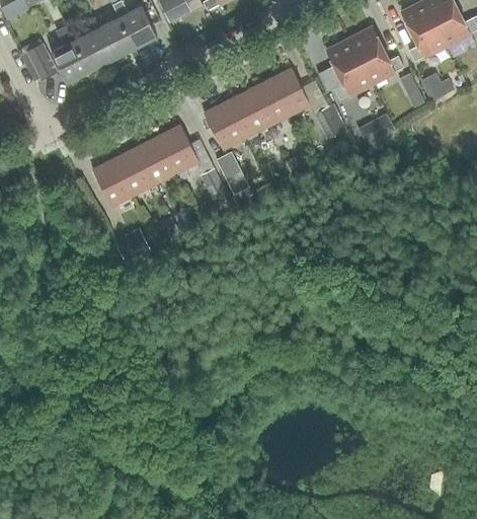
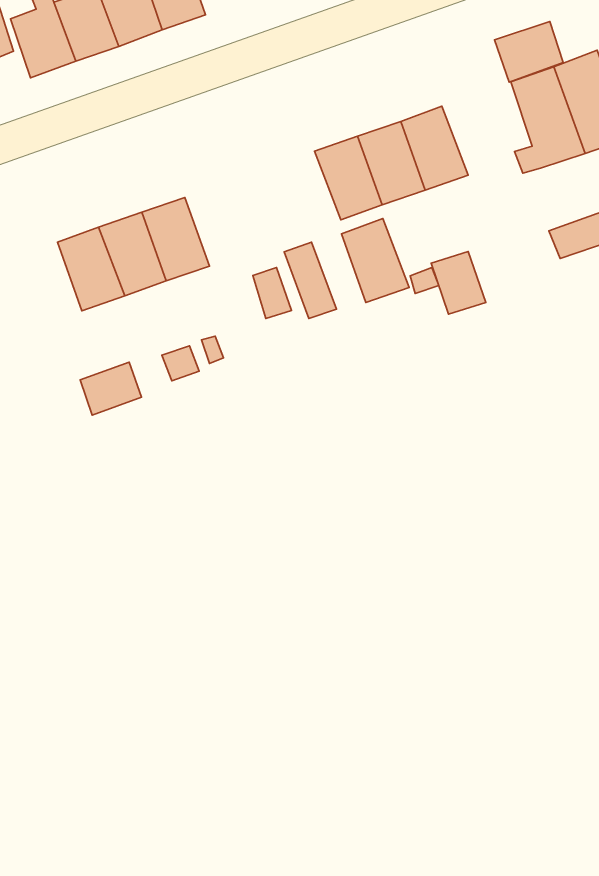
building: none -> [495,21,563,82]
building: [204,102,244,149] -> [341,219,409,302]
building: [313,104,345,140] -> [431,251,486,314]
building: [158,126,198,172] -> none

